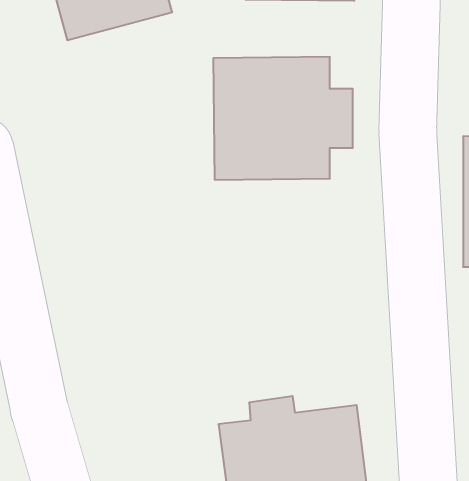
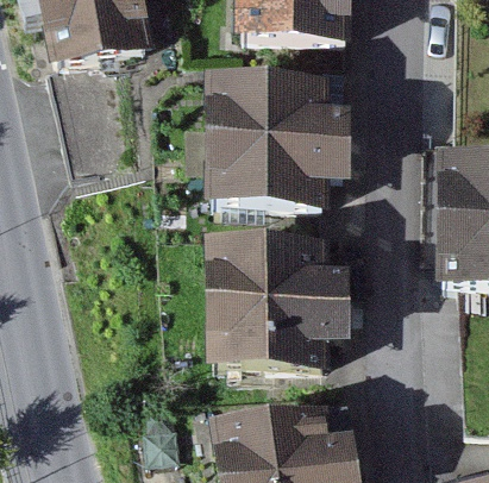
building: none -> [208,244,340,360]

